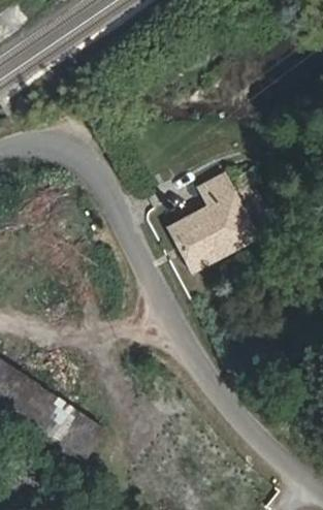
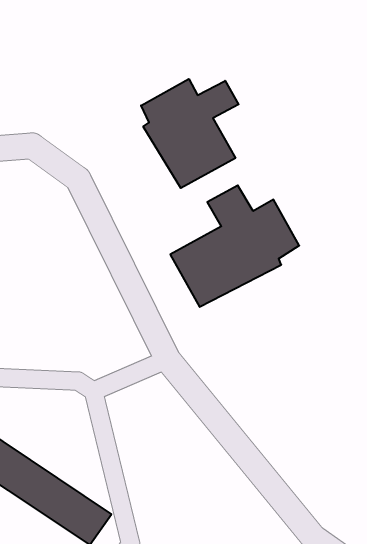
building: none -> [141,79,239,188]

